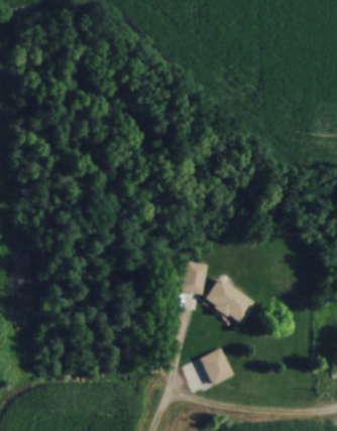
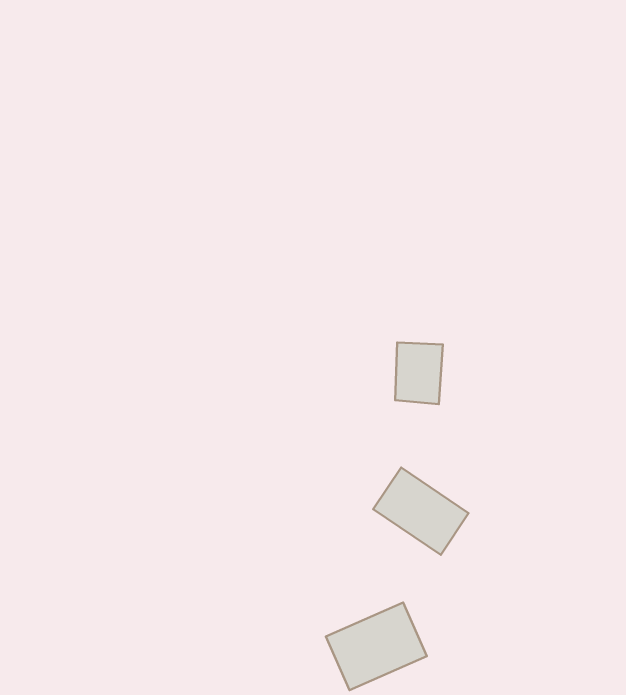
building: [181,261,205,292] -> [395,343,443,404]

